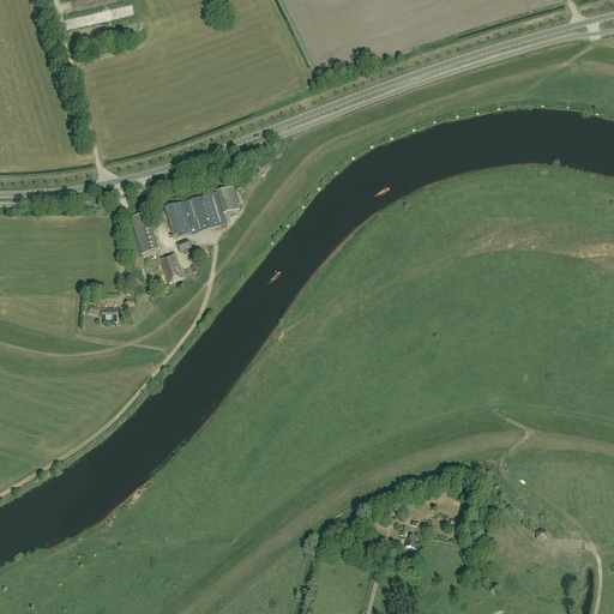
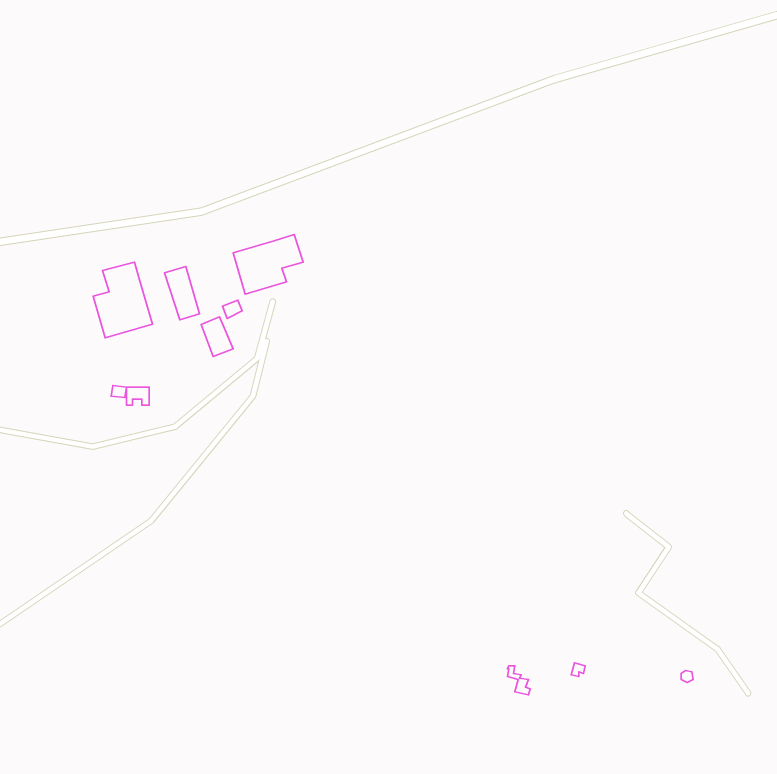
building: [163,199,192,235] -> none
building: none -> [93,262,153,338]

